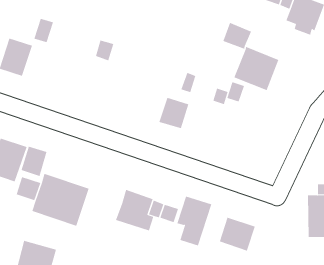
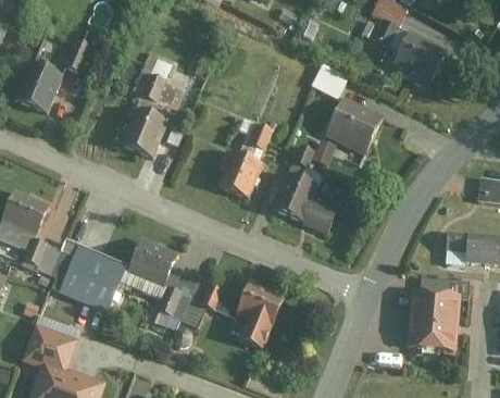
building: none -> [118,108,168,159]
building: none -> [274,175,337,234]
building: [21,146,47,177] -> none
building: none -> [130,240,177,286]
building: [219,217,255,251] -> none

